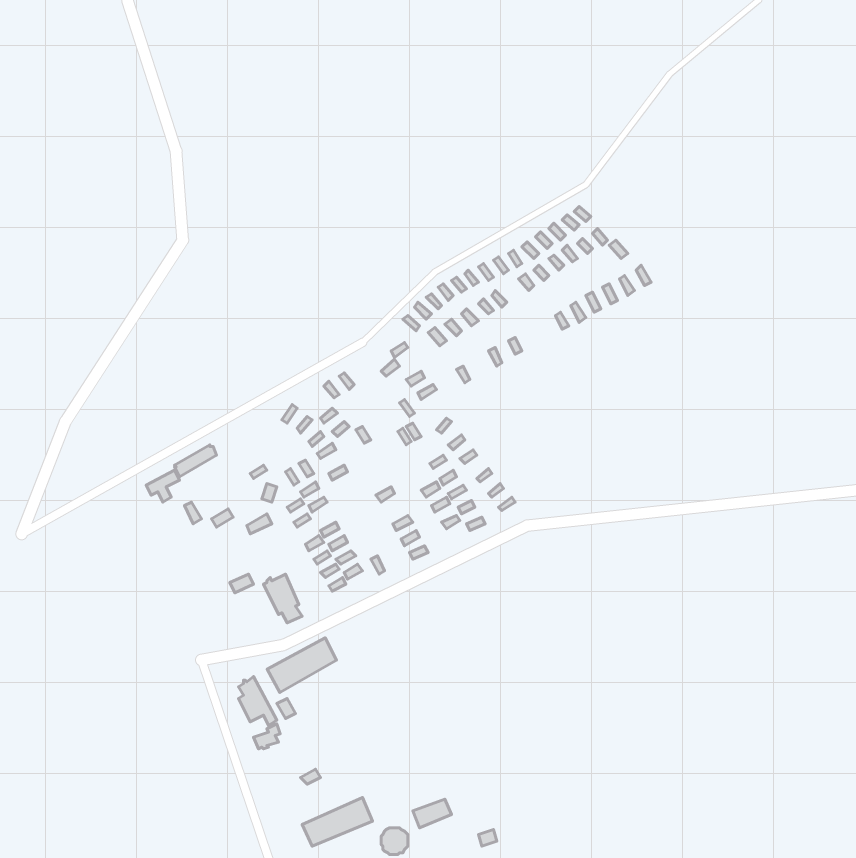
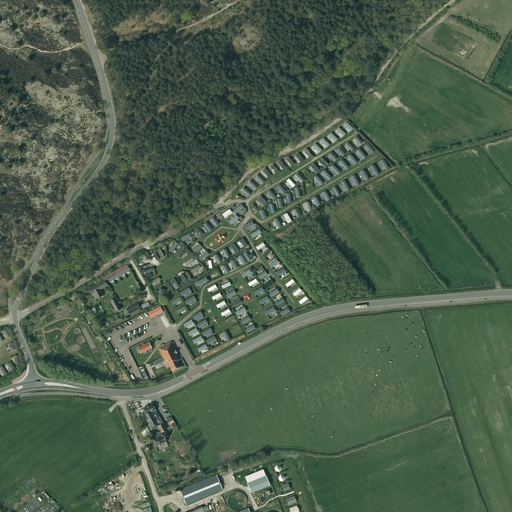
building: [267,638,337,692] -> none

